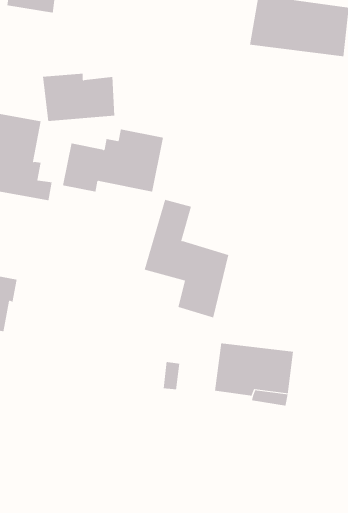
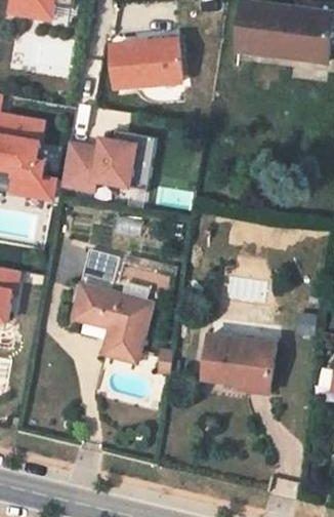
building: [42,73,115,121] -> [113,42,181,87]
building: [144,199,229,318] -> [71,251,151,363]

